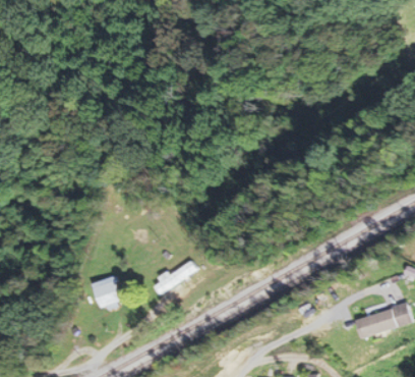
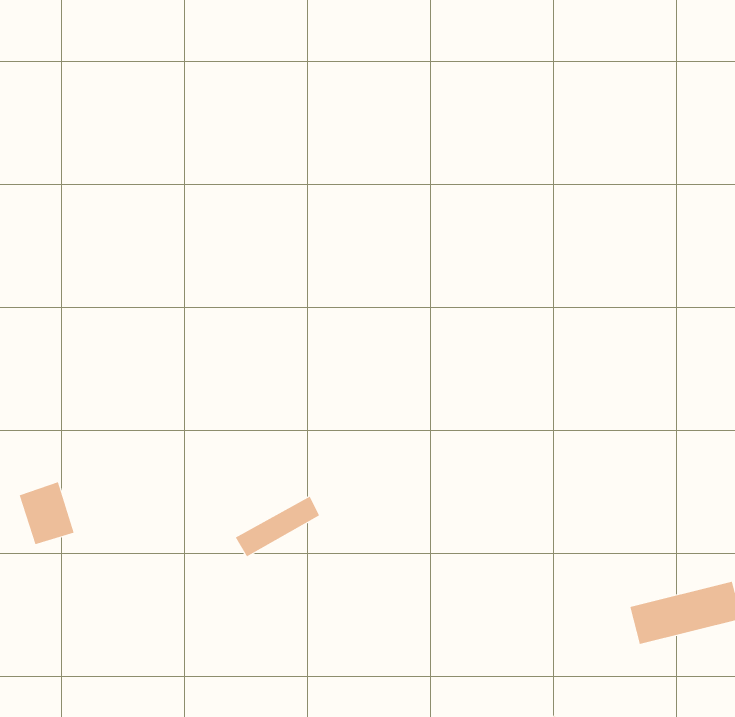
building: [92,276,120,309] -> [19,481,74,545]

